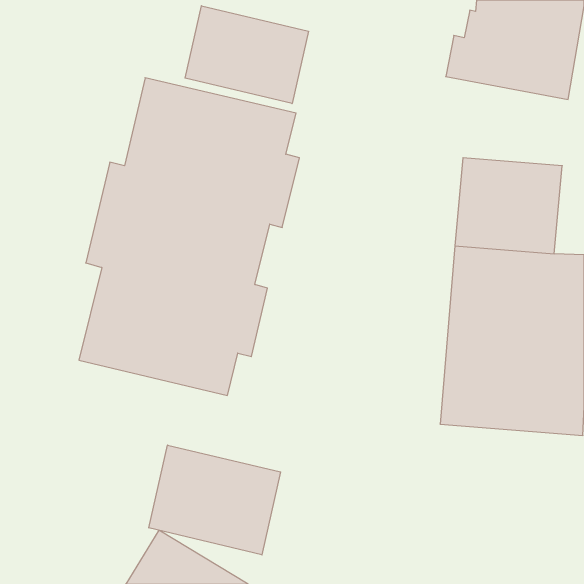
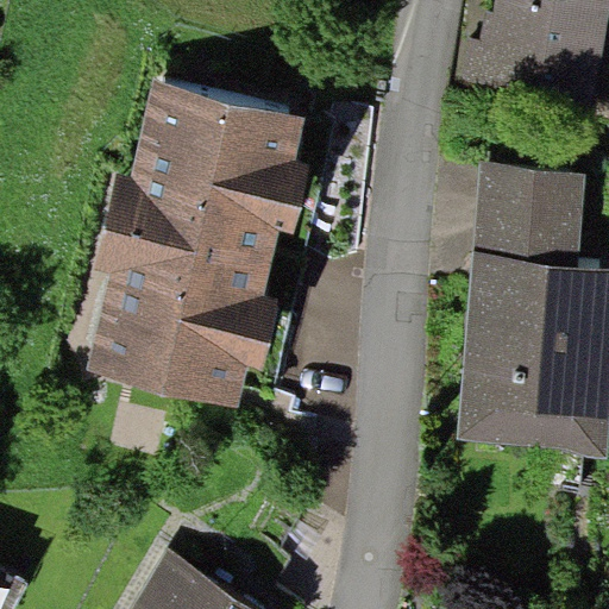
building: [185,6,308,104] -> none
building: [149,445,281,555] -> none

